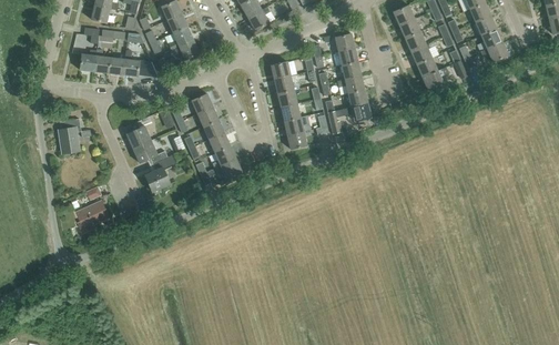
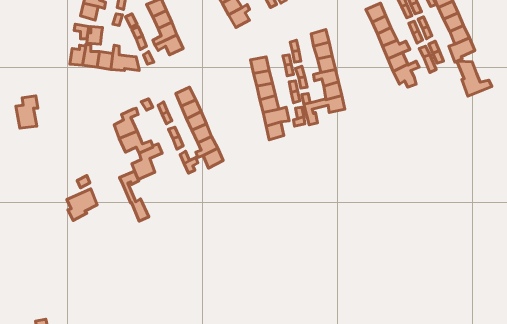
building: none -> [457,61,492,96]
building: [58,118,81,152] -> [16,96,38,128]
building: none -> [119,171,149,221]

